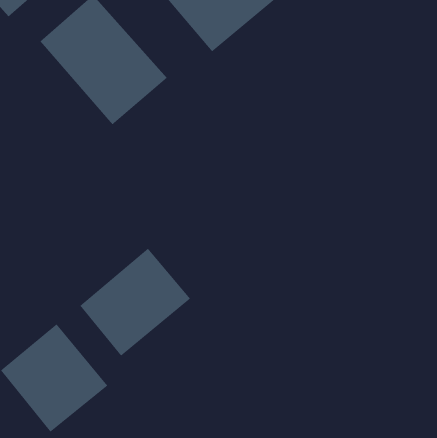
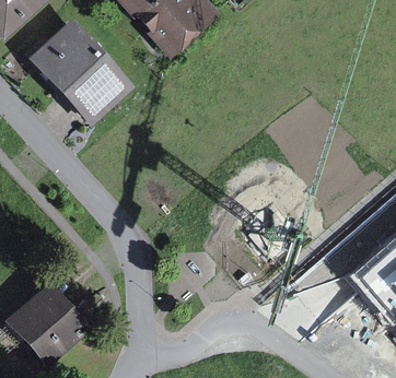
building: [79,248,191,357] -> none

